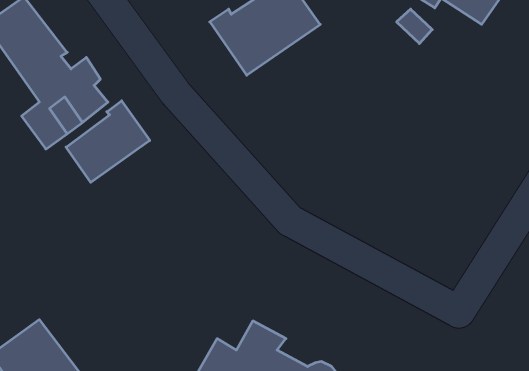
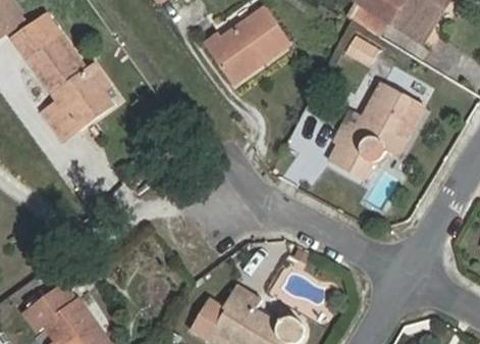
building: none -> [326,81,424,180]
building: [66,101,150,182] -> none

